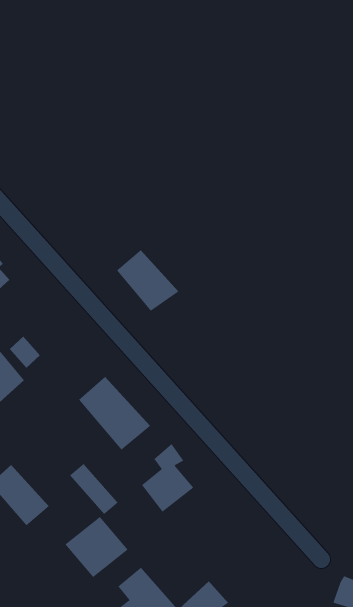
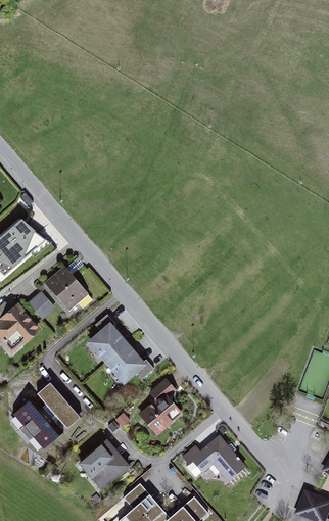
building: [116,250,179,311] -> [44,266,96,317]
building: [69,463,119,515] -> [37,386,78,429]
building: none -> [185,435,247,481]

